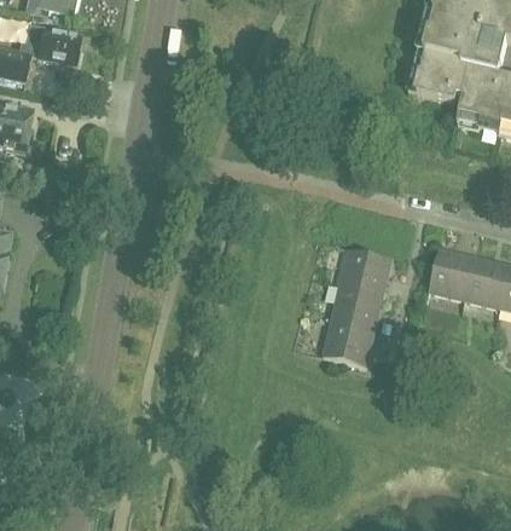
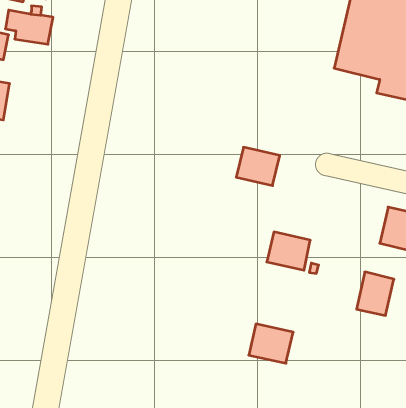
building: [429,246,472,296] -> [357,272,394,315]
building: [339,248,390,293] -> [236,147,280,186]
building: [323,318,374,364] -> [249,324,293,363]

